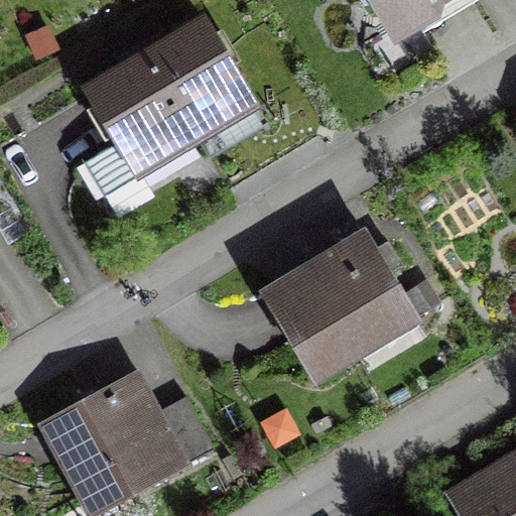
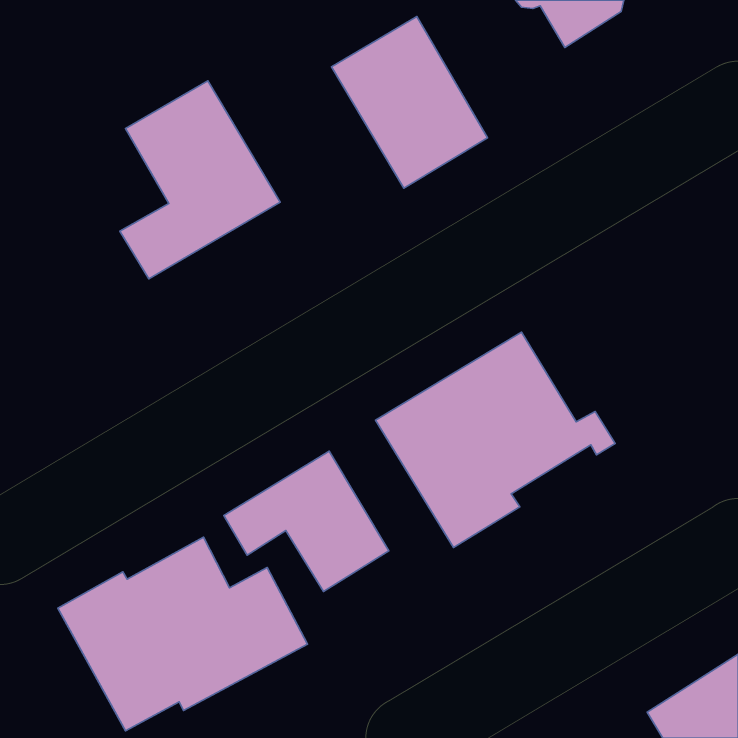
building: [145,21,254,141] -> [332,16,487,188]
building: none -> [224,451,389,591]

